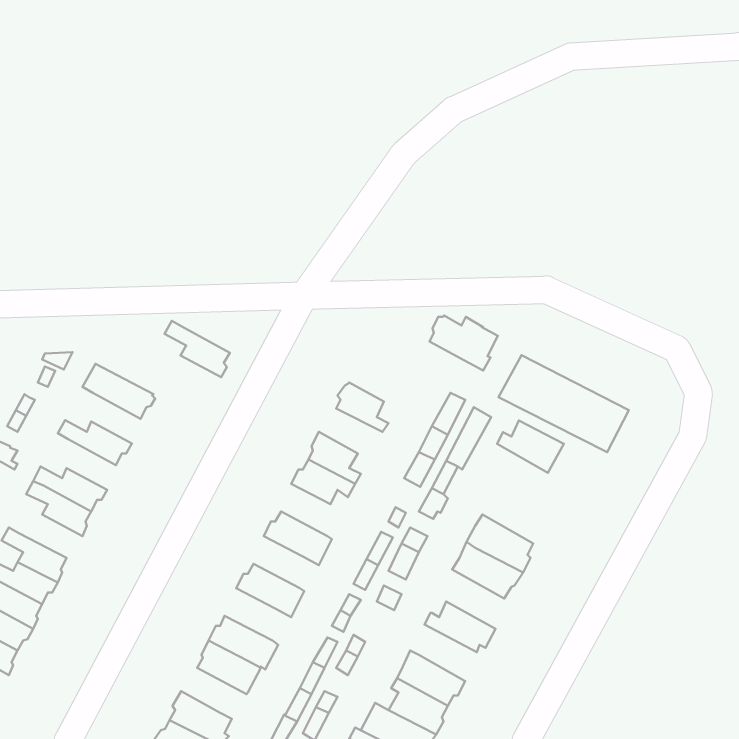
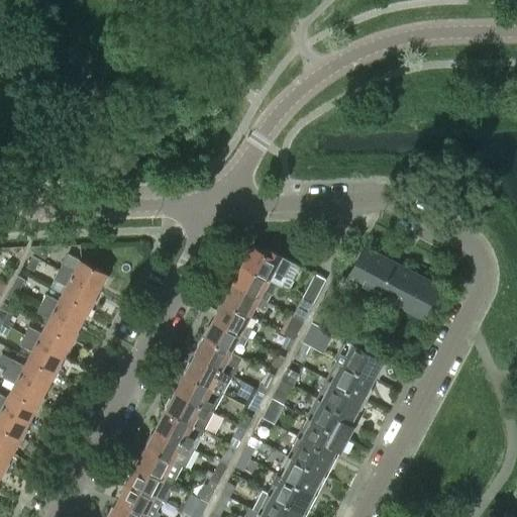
building: [430,315,498,371] -> [243,249,291,288]
building: [165,321,230,377] -> [53,271,98,310]
building: none -> [222,286,267,317]
building: [497,421,564,473] -> [336,343,383,380]
building: none -> [35,303,81,342]
building: none -> [196,338,241,377]
building: none -> [6,358,58,390]
building: none -> [177,375,222,413]
building: none -> [305,398,352,439]
building: none -> [157,411,204,450]
building: none -> [292,436,332,476]
building: none -> [126,467,174,498]

